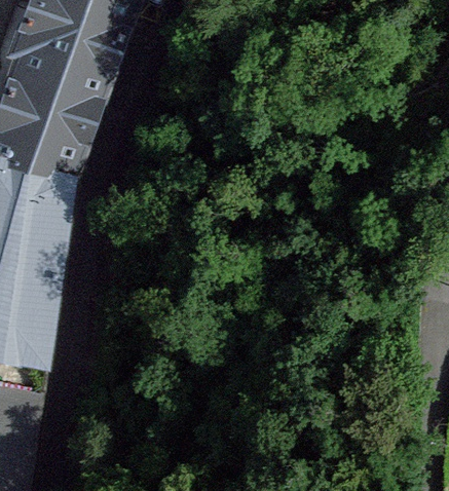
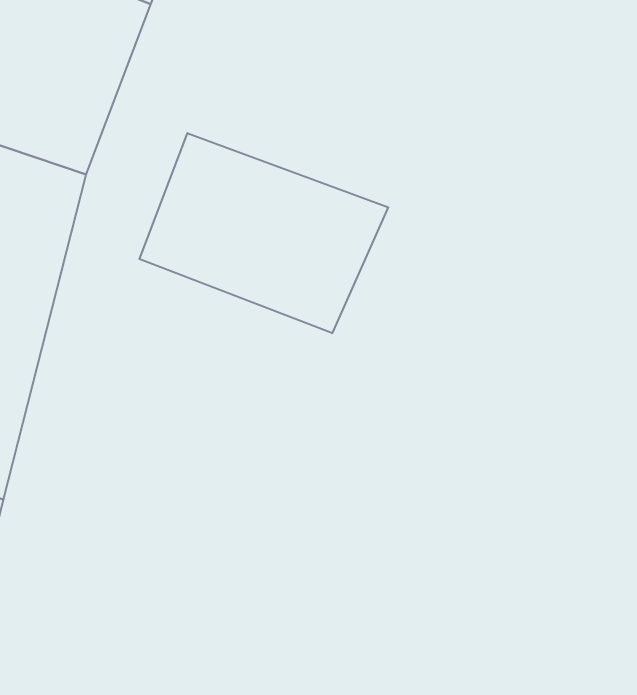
building: none -> [139,133,388,333]

